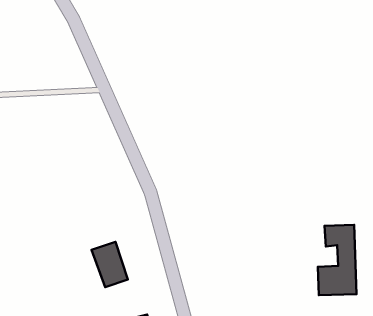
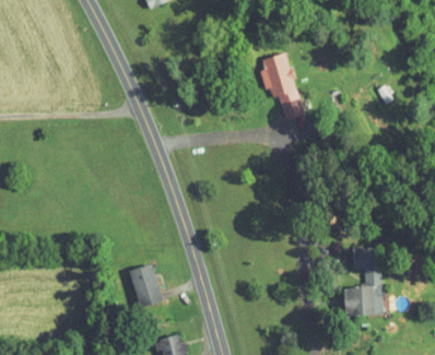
building: none -> [261,52,303,117]

